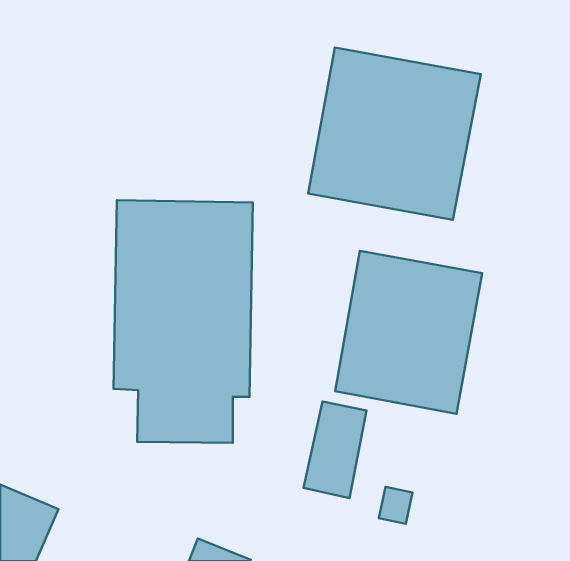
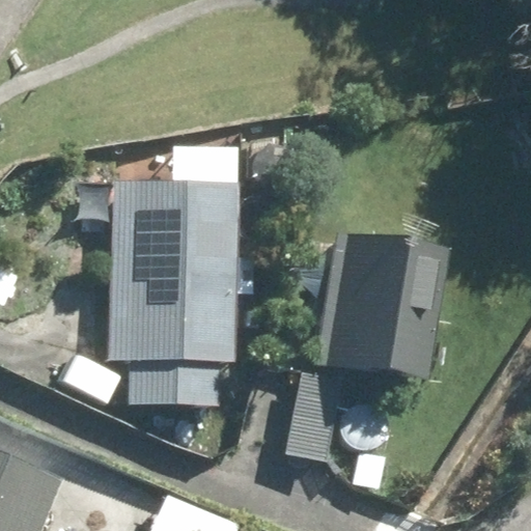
building: [308,47,481,220] -> none

